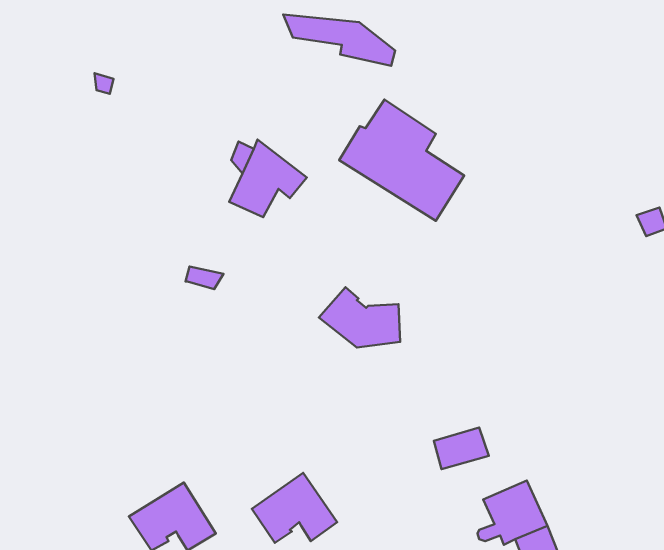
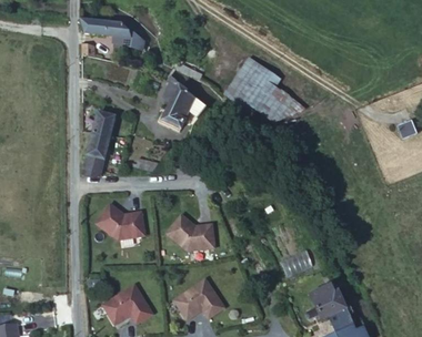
building: [283,15,395,66] -> [79,19,144,49]
building: none -> [81,112,114,177]
building: [319,287,400,348] -> [165,214,213,249]
building: none -> [96,203,144,238]

